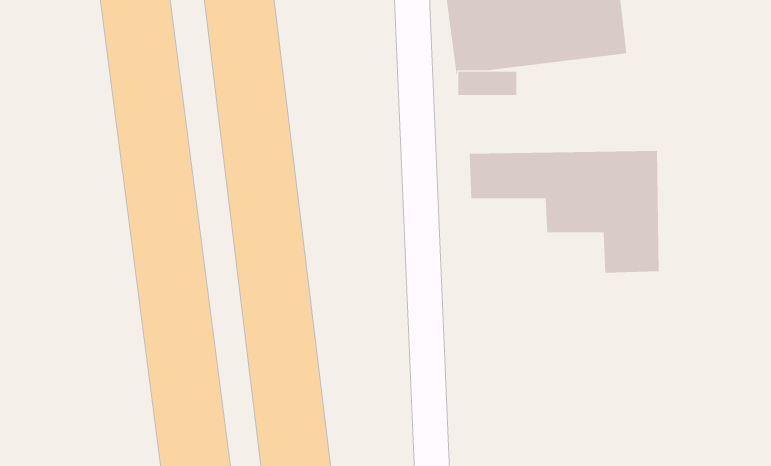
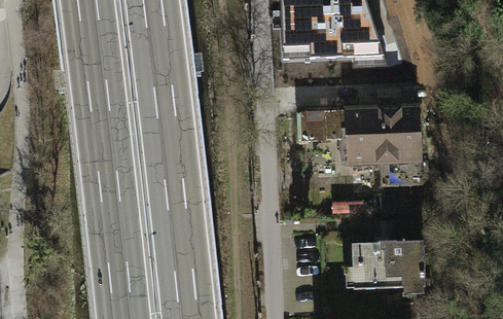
building: none -> [354,241,426,288]

